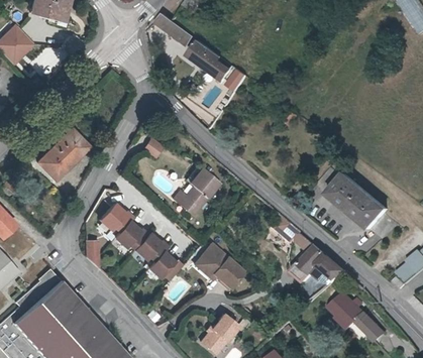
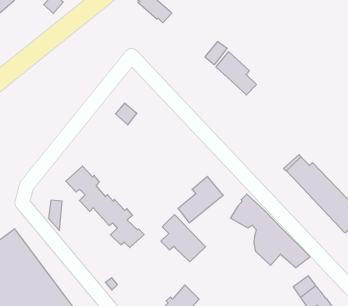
building: [187,48,228,90] -> [216,52,256,95]
building: [37,127,93,183] -> none
building: [180,167,223,215] -> [178,176,223,223]

